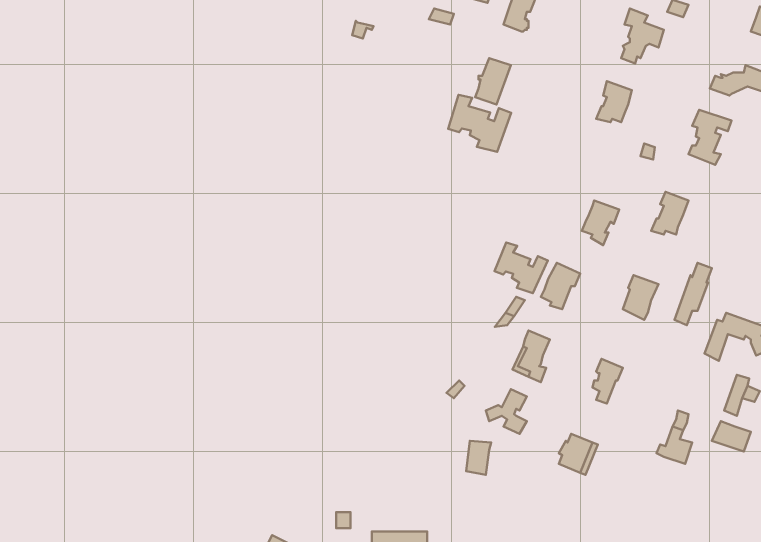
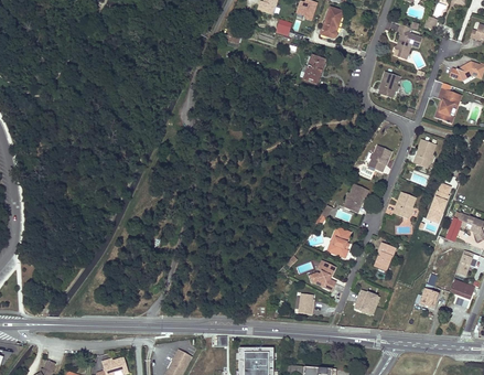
building: [448,95,511,152] -> none
building: [495,243,548,293] -> none

